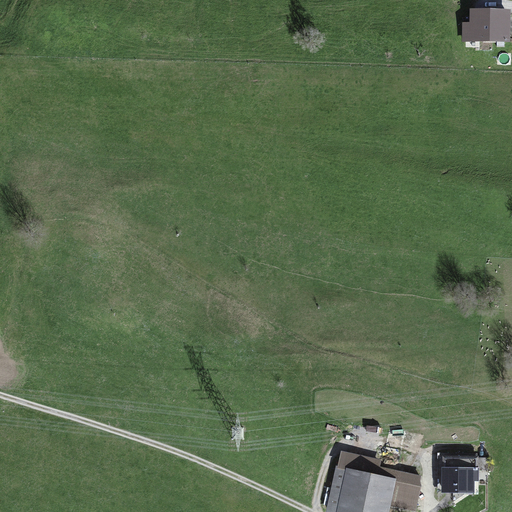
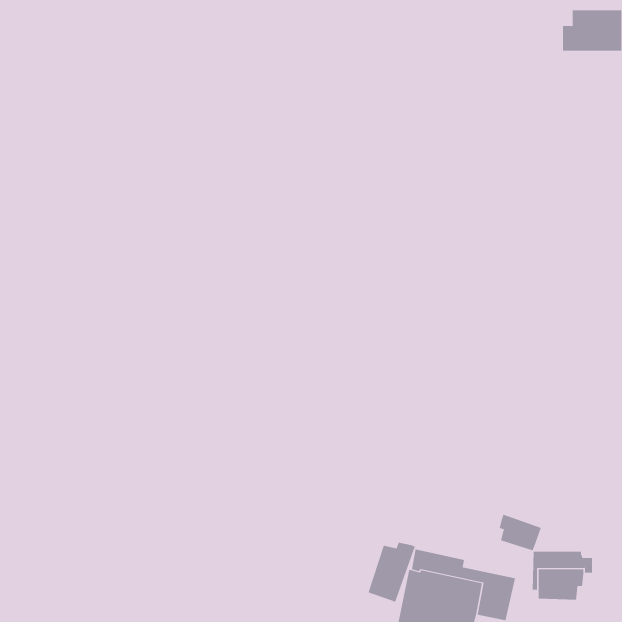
building: none -> [499,514,541,551]
building: none -> [368,542,416,603]

